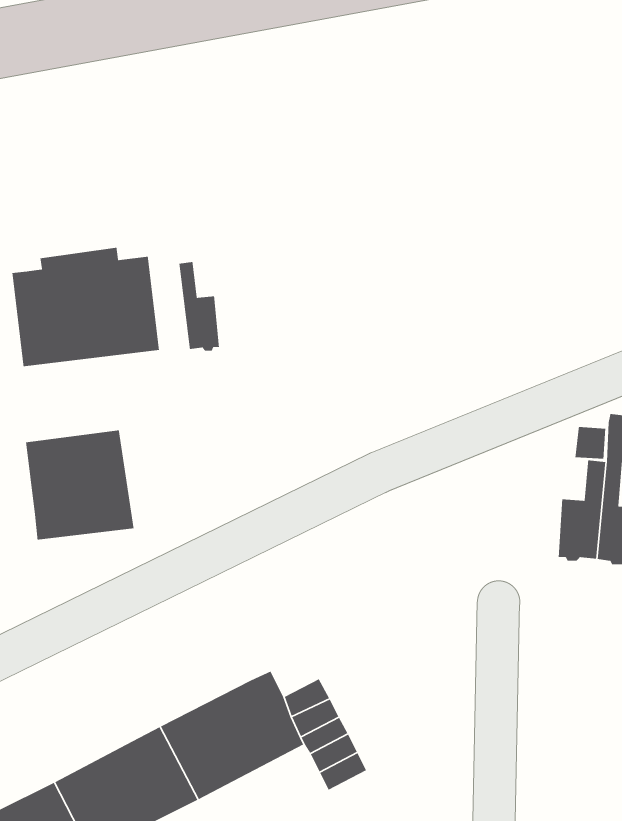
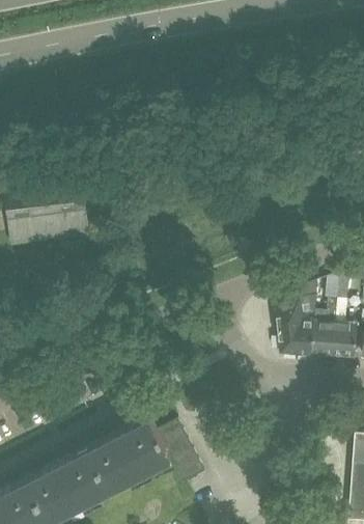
building: [179,261,220,351] -> none
building: [25,430,134,541] -> none
building: none -> [277,283,319,357]

